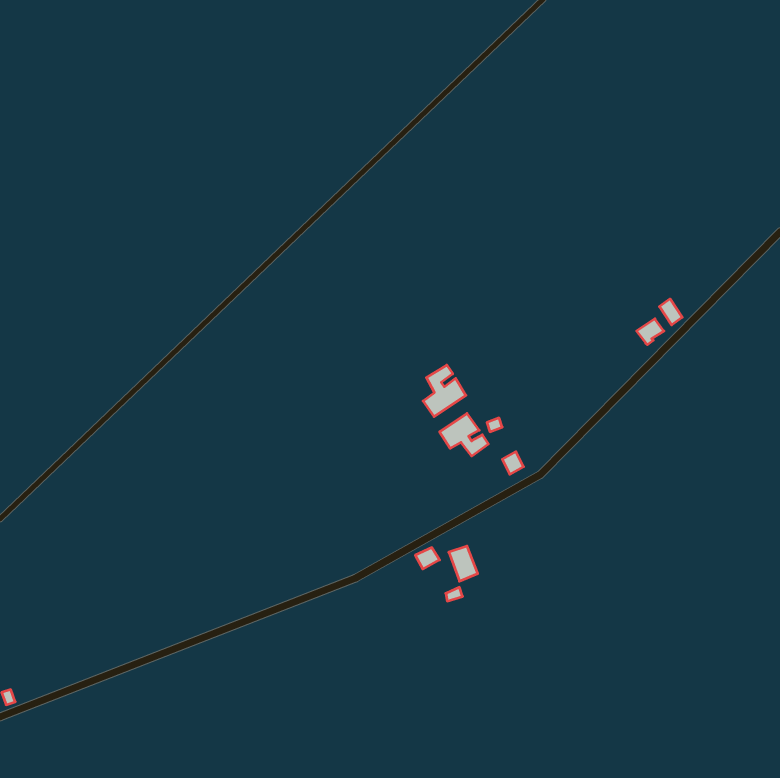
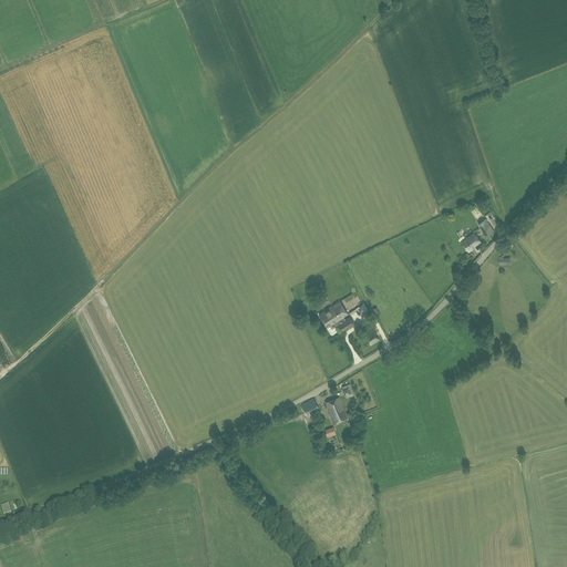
building: [423,365,466,417] -> none

